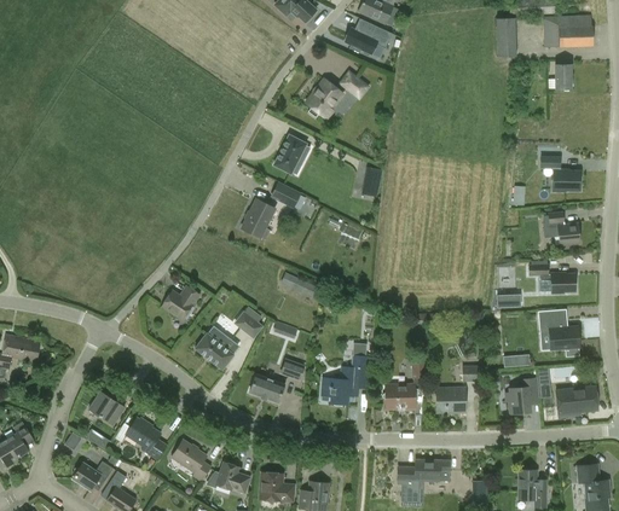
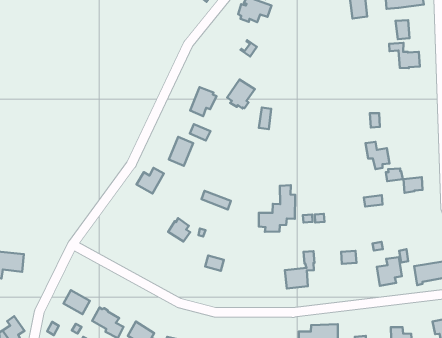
building: [305,79,342,117] -> [227,79,255,108]
building: [540,157,579,191] -> [389,43,420,68]
building: [549,213,579,249] -> [365,142,390,169]
building: [161,285,198,319] -> [136,168,164,193]
building: [538,318,578,349] -> none
building: [193,332,236,368] -> none
building: [320,343,371,403] -> [259,185,295,232]
building: [249,373,283,402] -> none
building: [435,387,465,412] -> none

